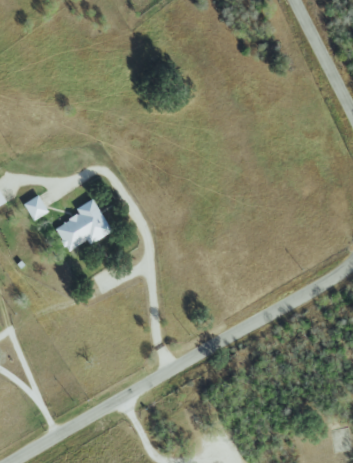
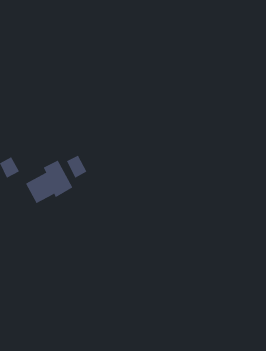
building: none -> [66,155,87,178]

